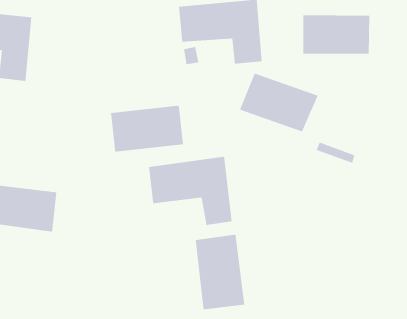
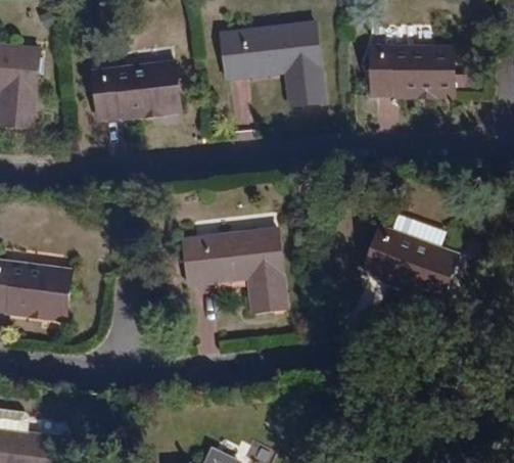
building: [239,73,318,132] -> [365,221,462,293]
building: [110,105,184,152] -> [91,68,181,126]
building: [195,234,245,310] -> none

